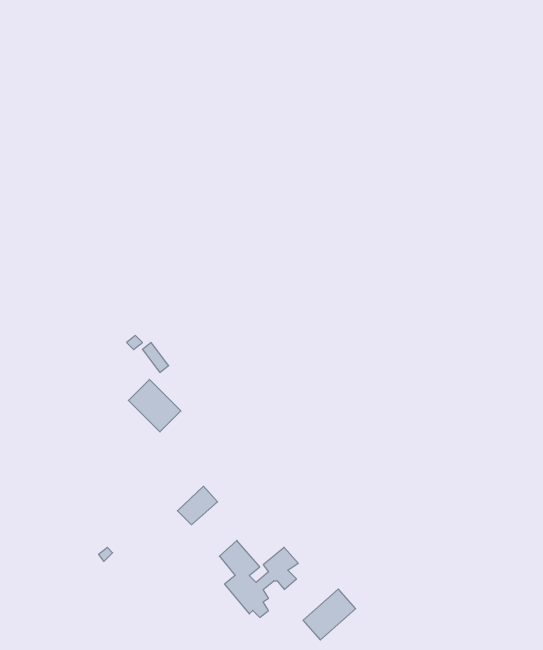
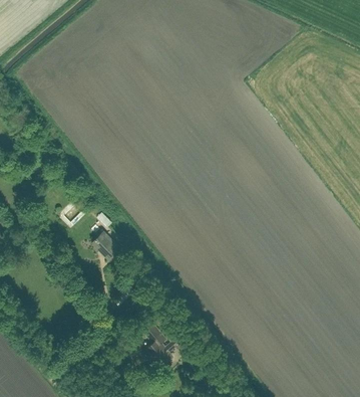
building: [303,589,356,640] -> none

